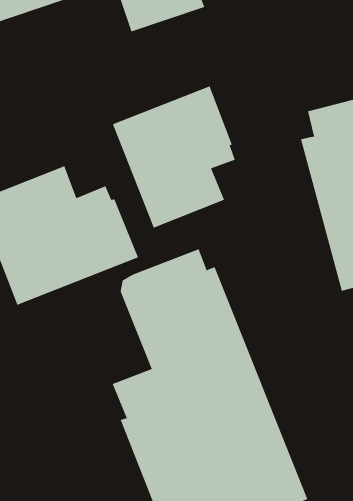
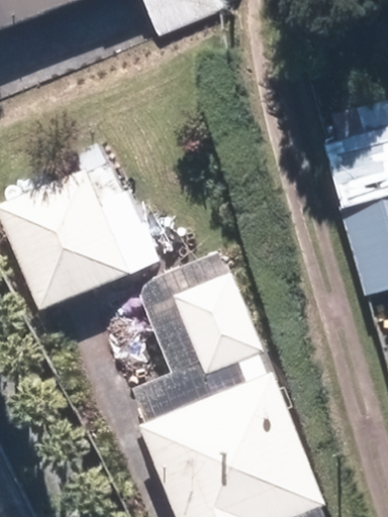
building: [112,85,236,228] -> none

